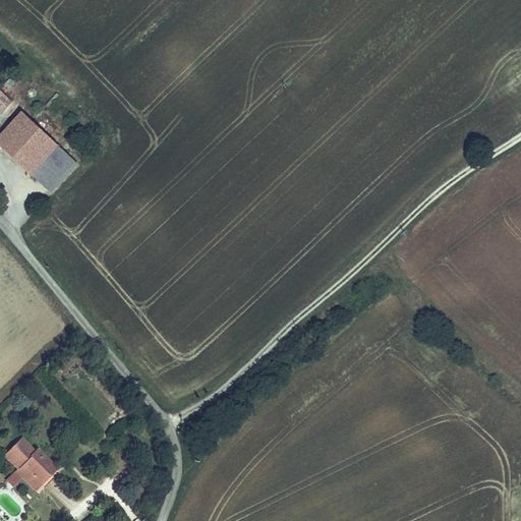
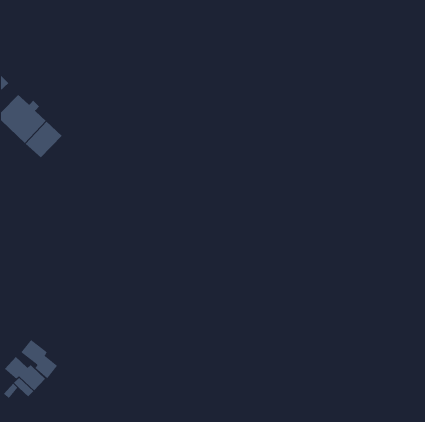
building: none -> [21,339,58,379]

